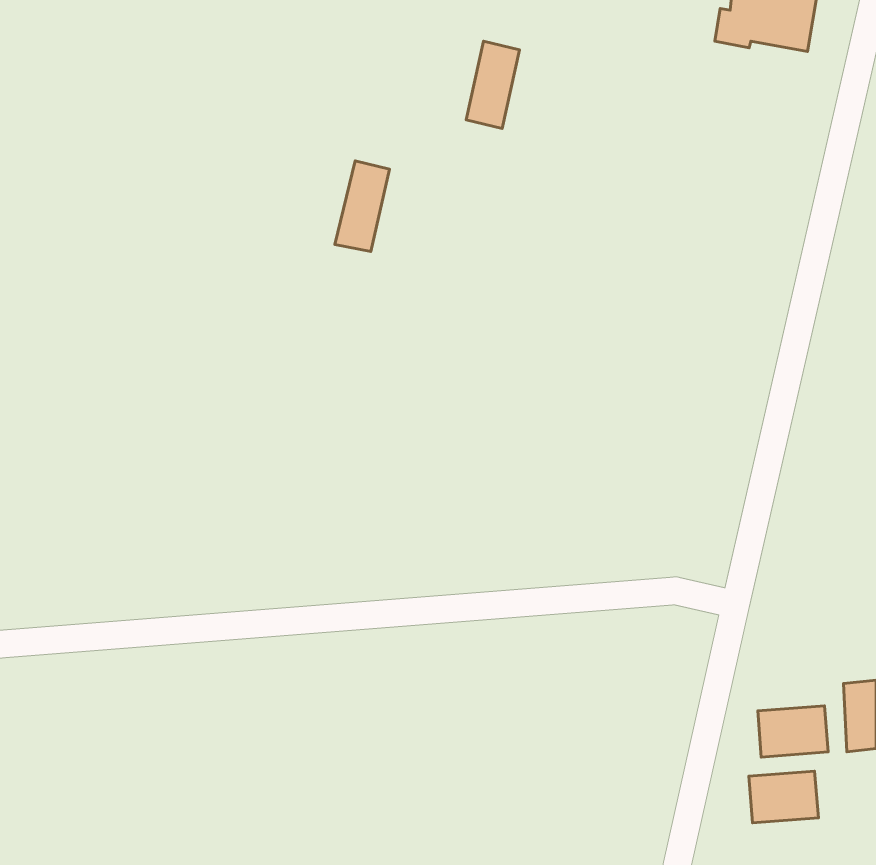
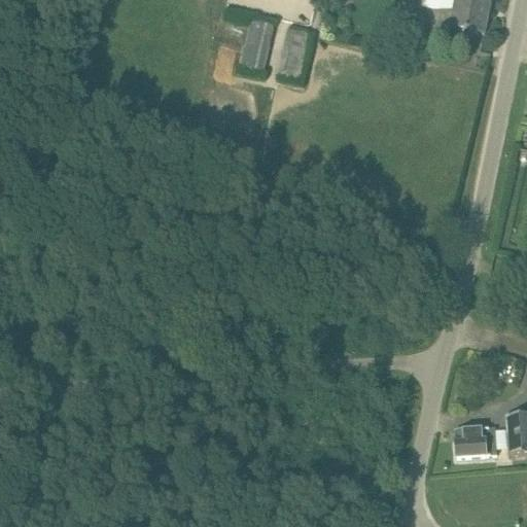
building: [335,161,390,251] -> [240,16,273,71]
building: [749,771,818,823] -> none

